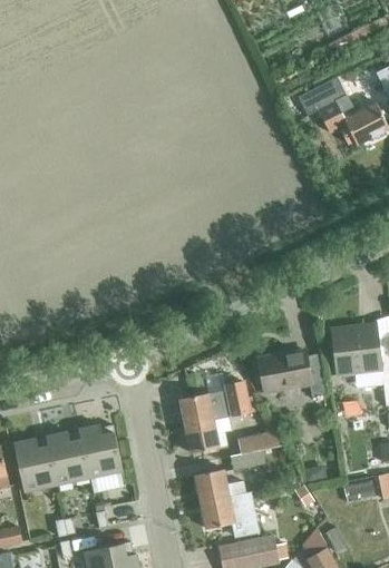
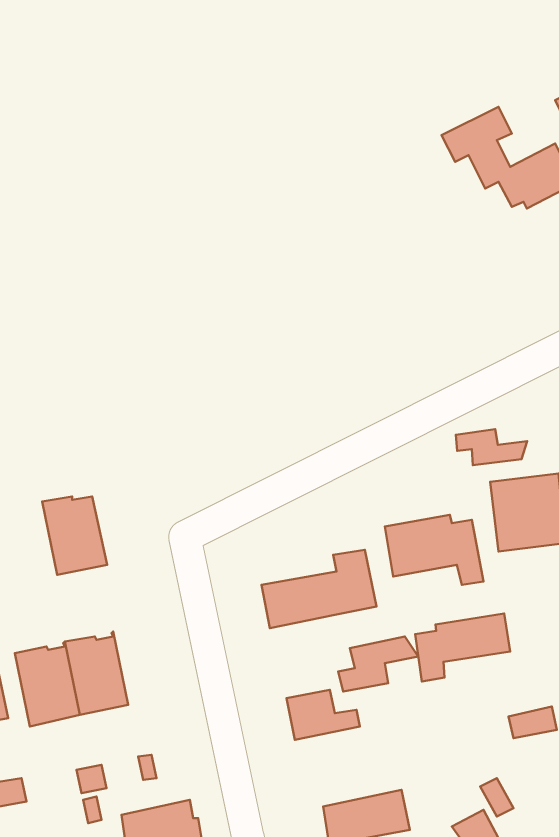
building: none -> [456,429,527,465]
building: none -> [415,614,510,681]
building: [184,418,230,453] -> none
building: [79,425,123,478] -> [42,497,107,575]
building: [201,491,259,537] -> none

